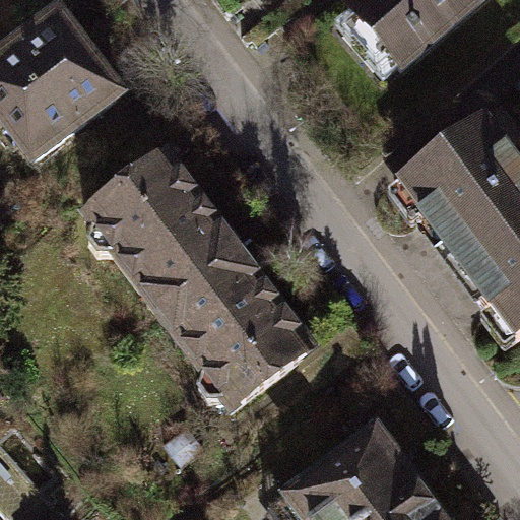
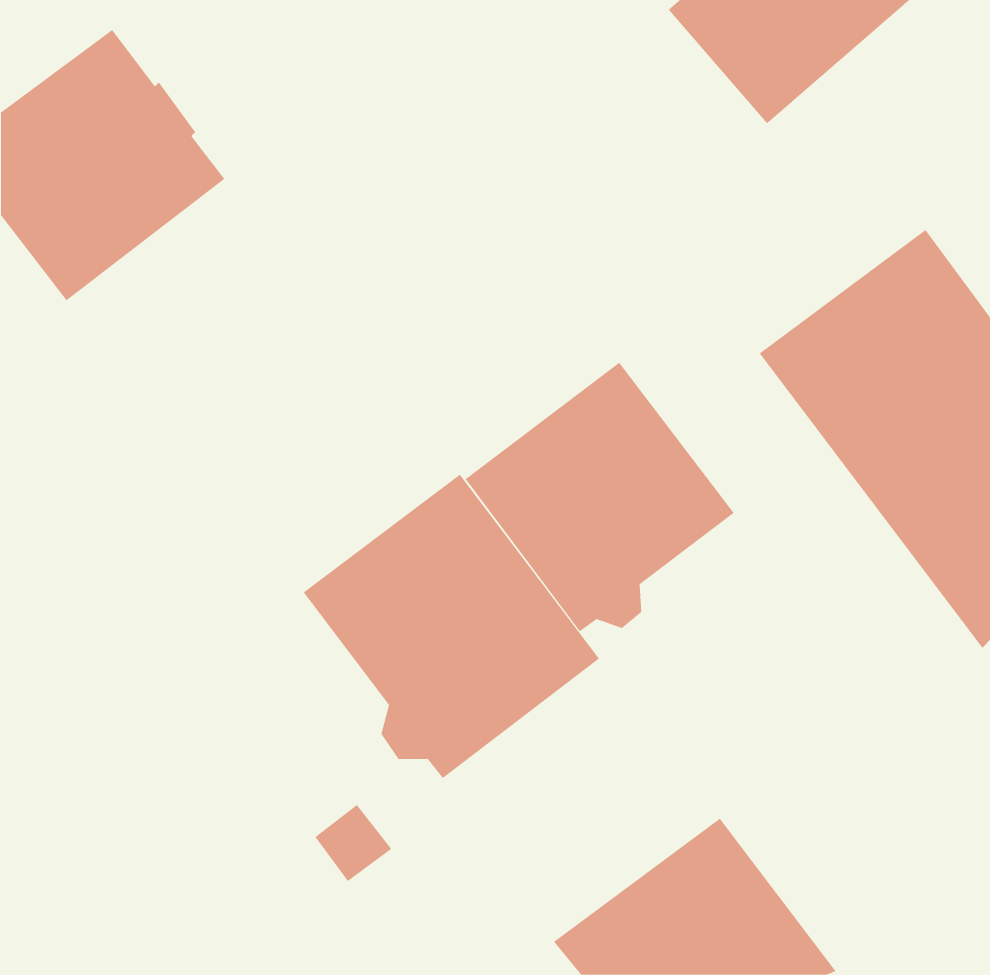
building: [86,151,242,310] -> none
building: none -> [465,362,735,632]

